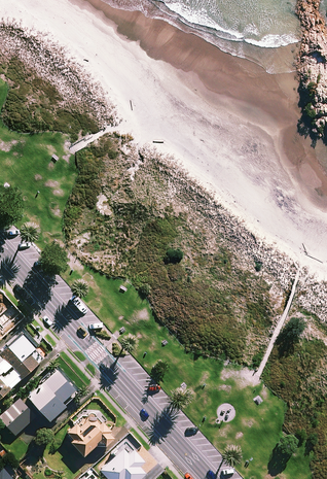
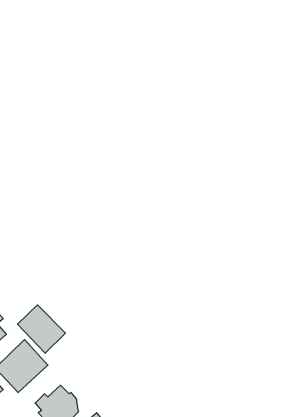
building: none -> [18,305,65,353]

